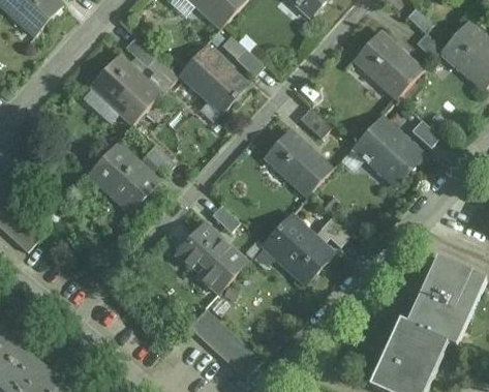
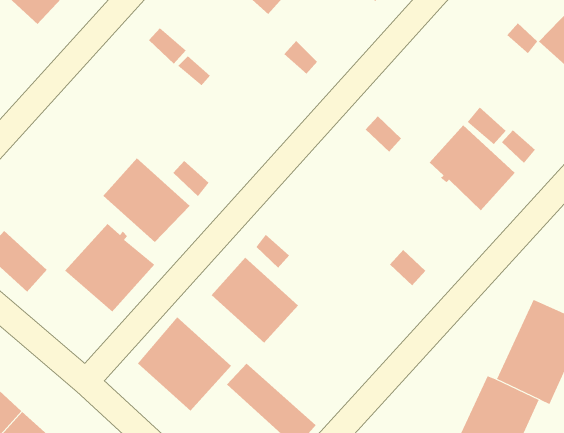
building: [354,31,422,98] -> none
building: [179,46,248,113] -> none
building: [90,55,160,124] -> none
building: [265,130,331,195] -> none
building: none -> [64,223,155,312]
building: [264,215,333,283] -> none
building: none -> [137,317,232,411]

